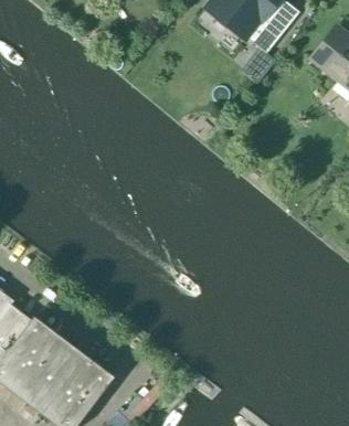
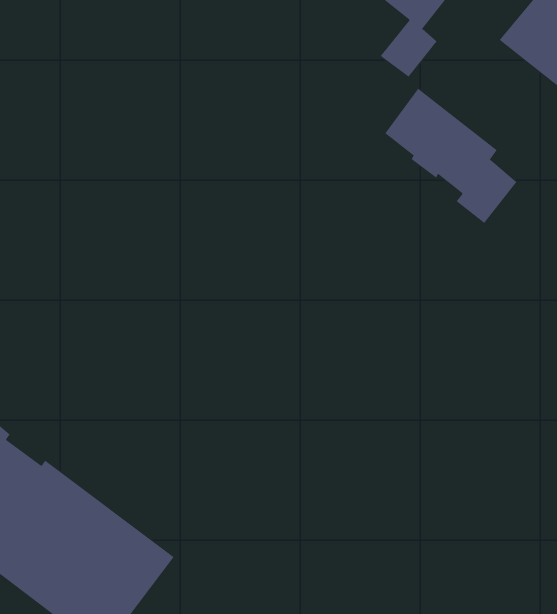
building: none -> [385,88,517,224]

